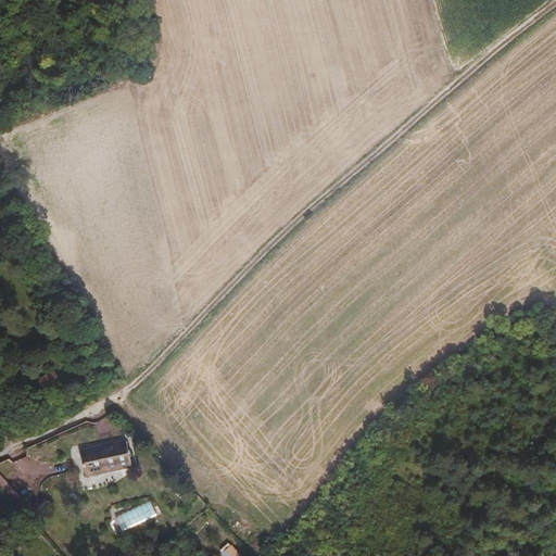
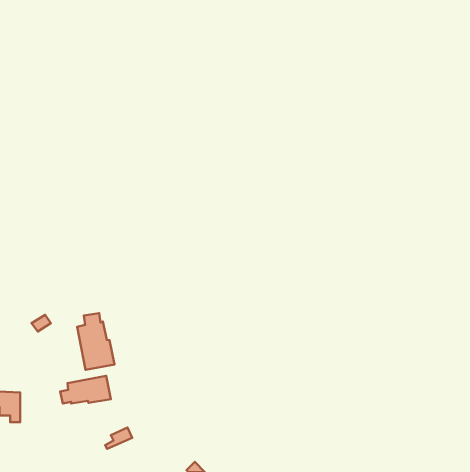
building: none -> [77,313,115,370]

